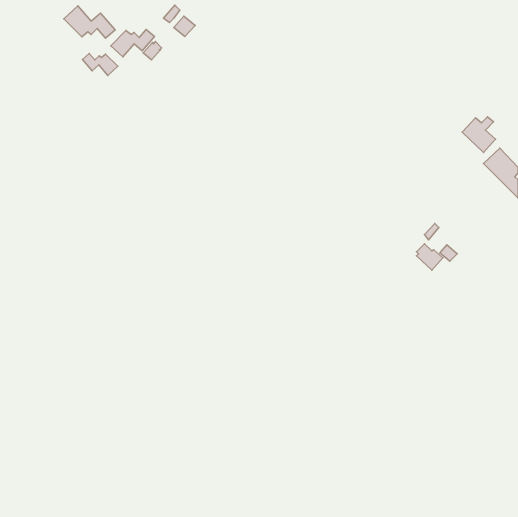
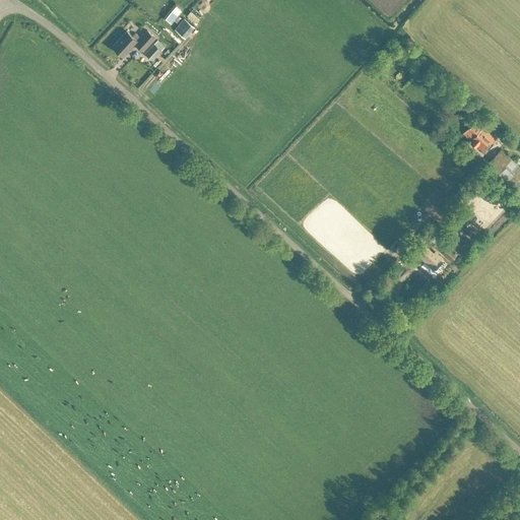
building: [64,6,115,38] -> none
building: [82,53,118,75] -> none

